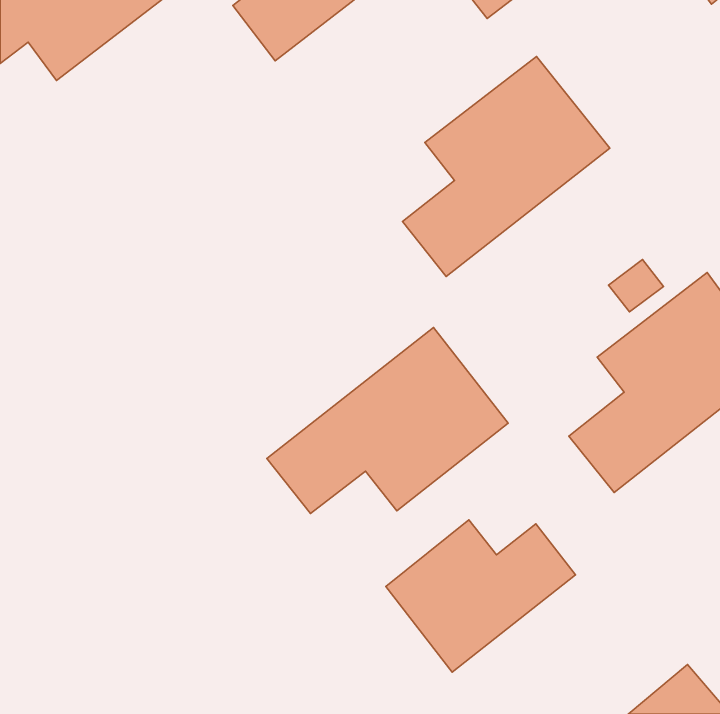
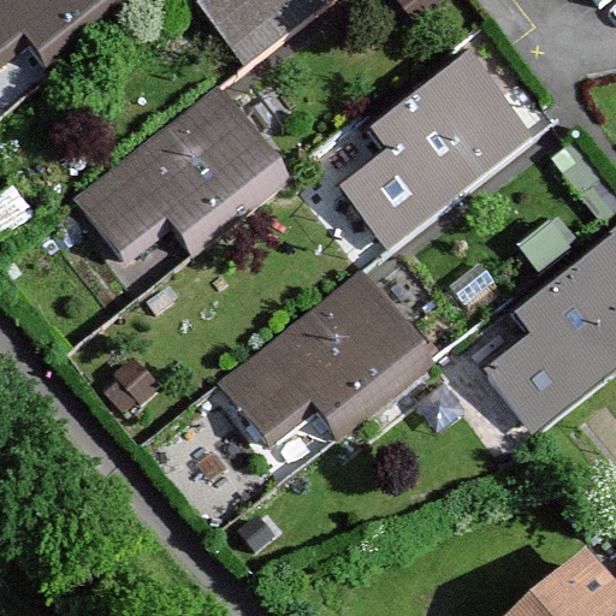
building: none -> [77,90,286,257]
building: [386,520,575,672] -> none

